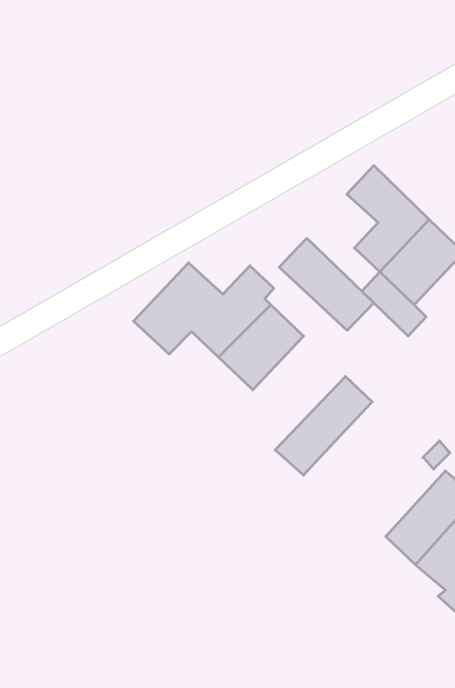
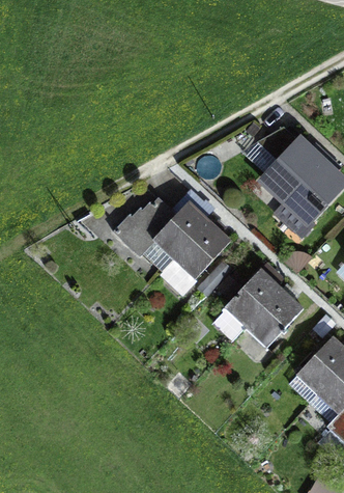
building: [279,238,374,330] -> none
building: none -> [243,289,306,351]

